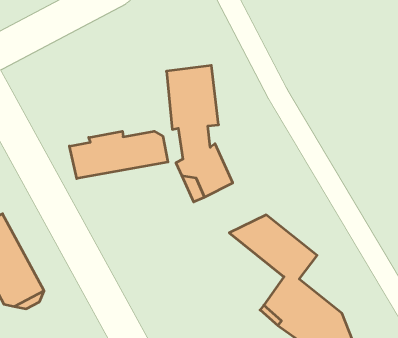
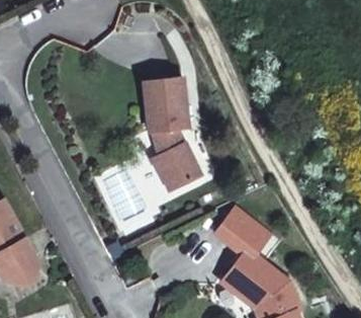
building: [69,131,168,179] -> none

